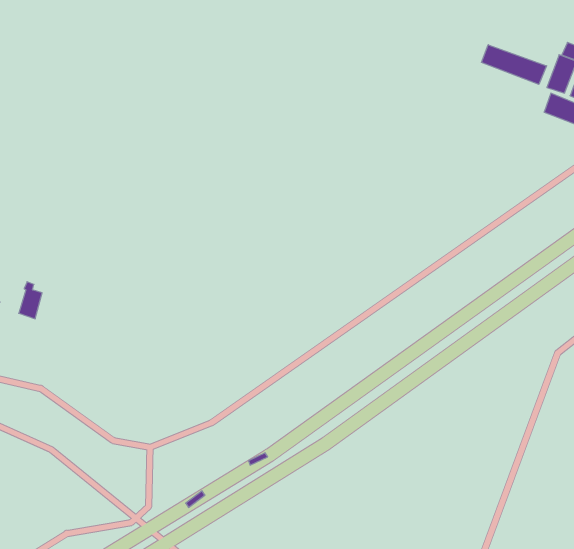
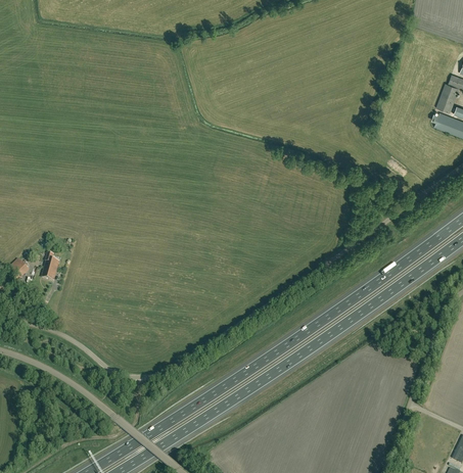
building: [481,45,547,84] -> none

